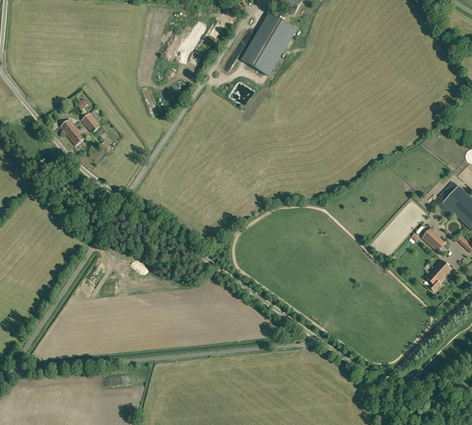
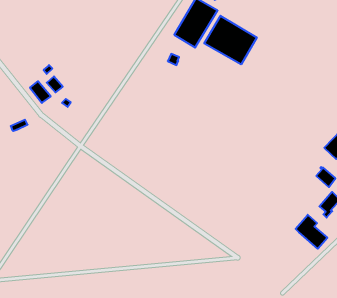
building: none -> [204,16,257,64]
building: none -> [296,215,327,249]

